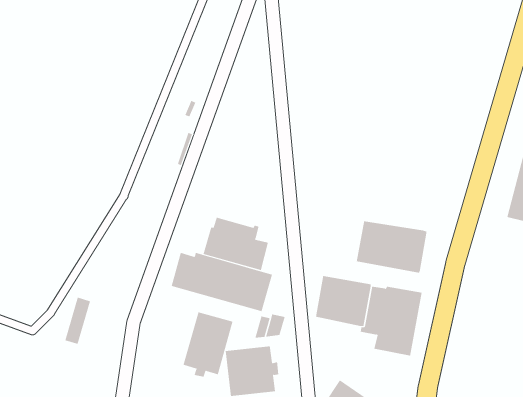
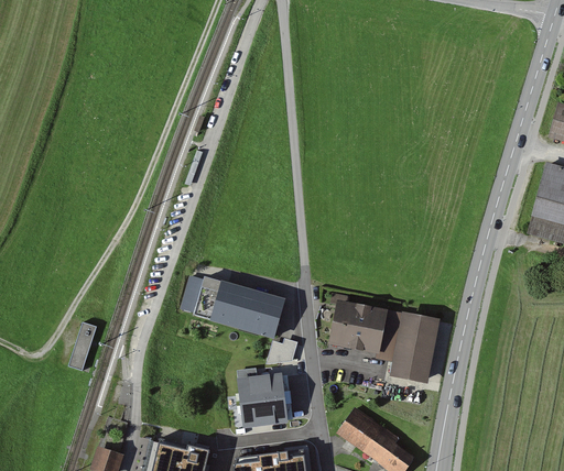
building: [203,217,269,271] -> none
building: [356,220,427,274] -> none
building: [183,311,233,378] -> none

